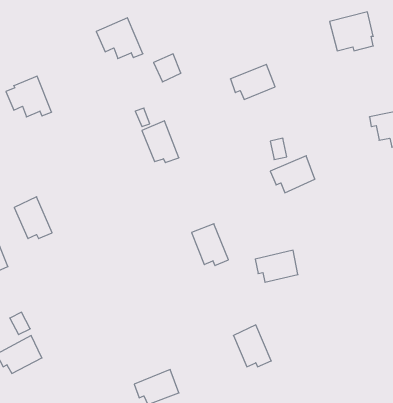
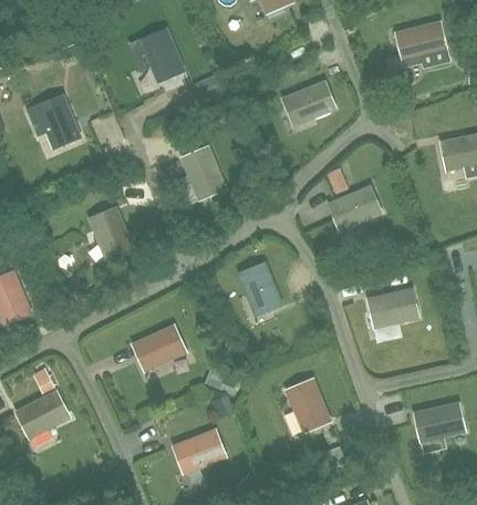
building: [14,197,52,239] -> [90,208,133,256]
building: [255,250,298,282] -> [369,290,417,327]
building: none -> [133,327,185,368]
building: none -> [415,404,464,440]

